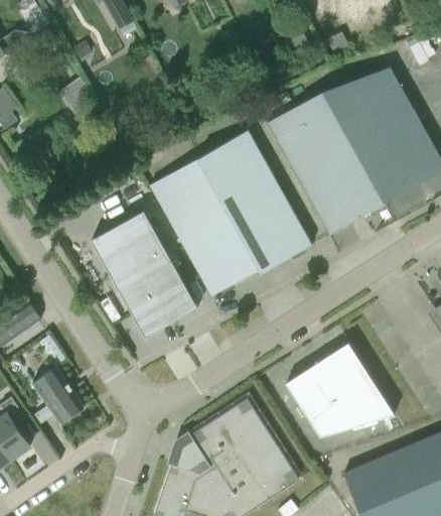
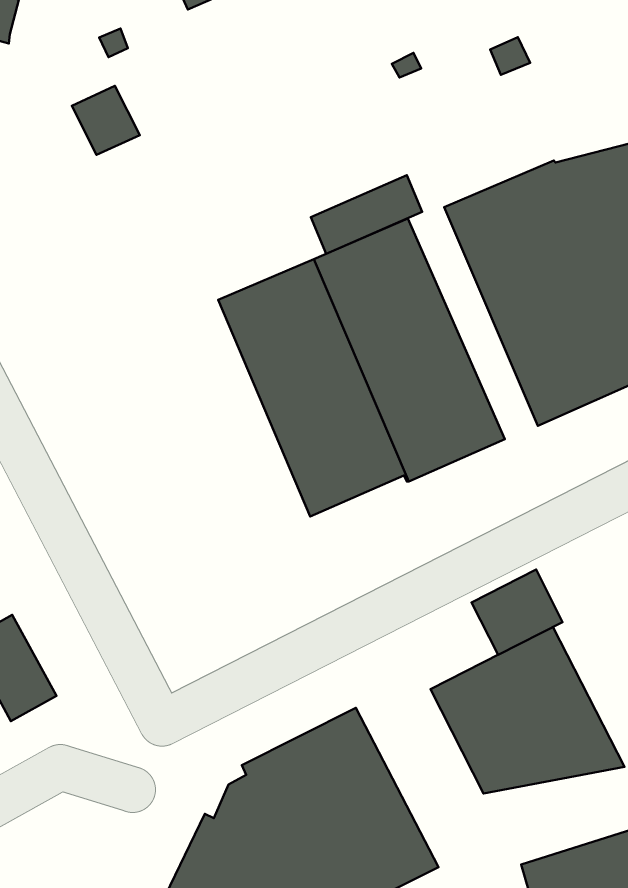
building: none -> [311,175,422,254]
building: [91,211,197,338] -> none
building: none -> [472,570,563,655]

